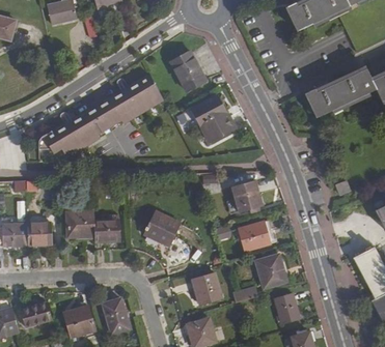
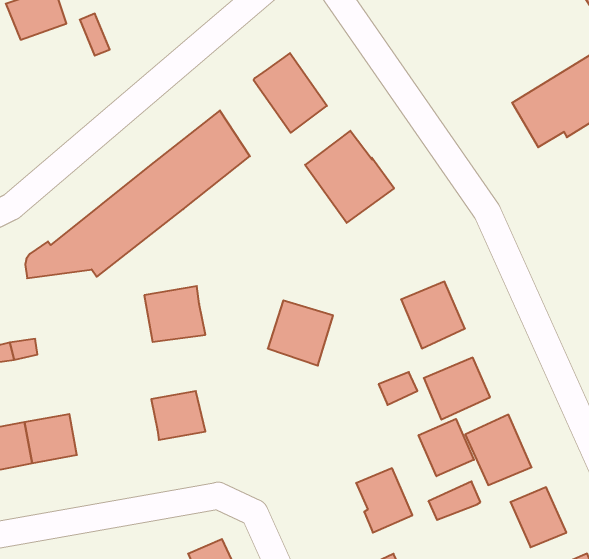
building: [66,210,95,236] -> [144,286,205,342]
building: [144,210,181,247] -> [268,300,333,366]
building: none -> [419,419,474,476]

